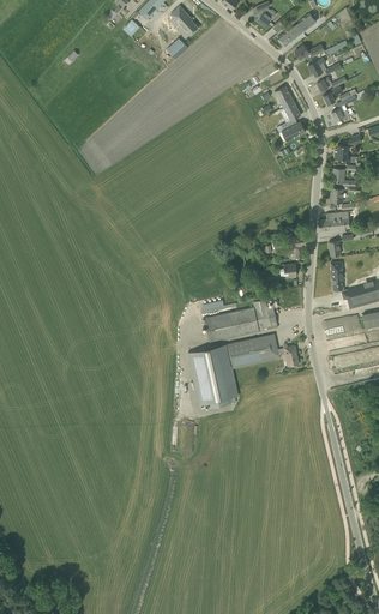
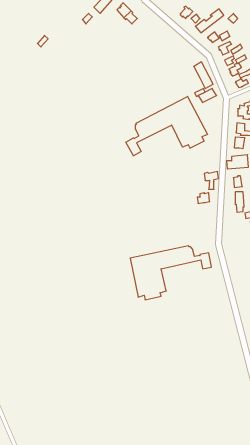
building: none -> [126,96,208,156]
building: [204,299,278,342] -> none

